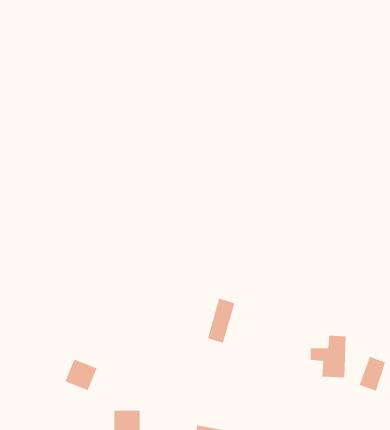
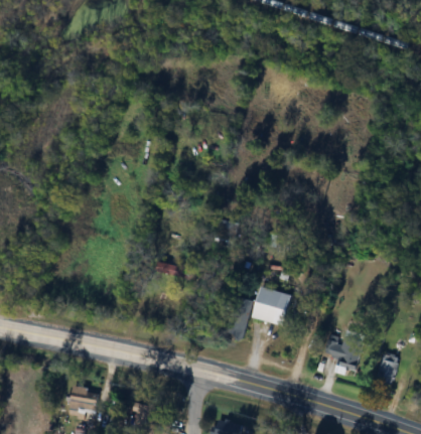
building: none -> [253,286,293,327]
building: [64,359,98,391] -> [66,385,99,416]

